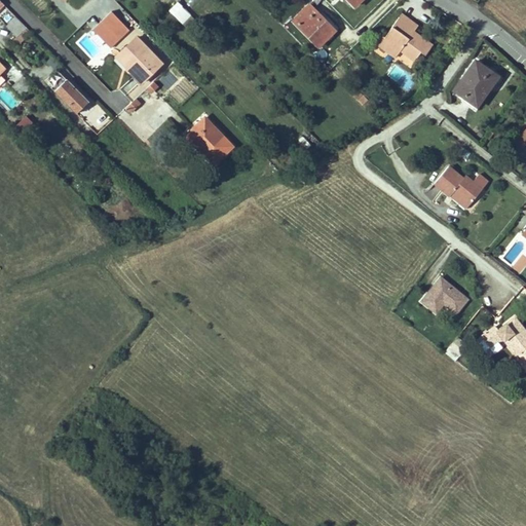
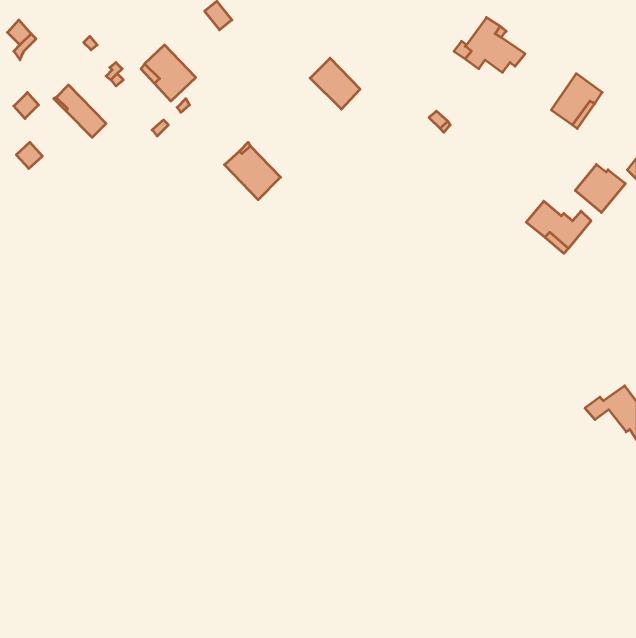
building: [294,4,335,46] -> [310,58,360,109]
building: [92,11,129,48] -> none
building: none -> [575,164,625,213]
building: [422,277,467,312] -> none

